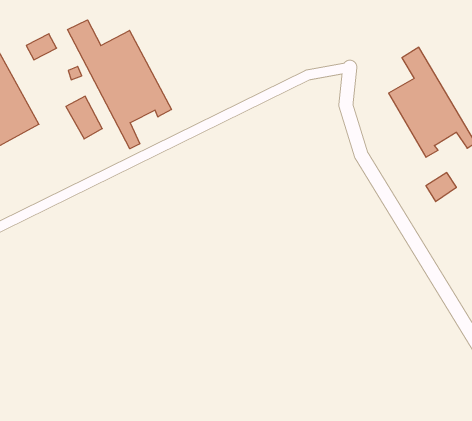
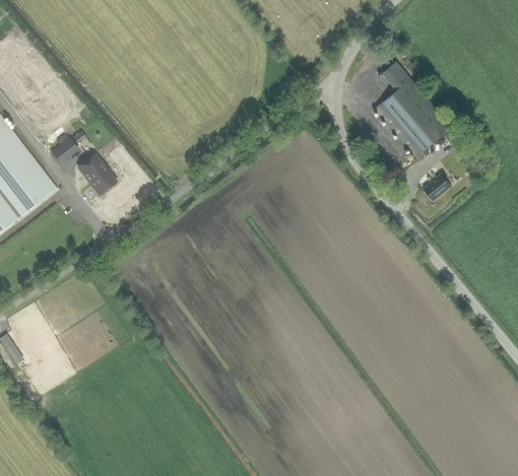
building: [68,20,171,149] -> none
building: [26,34,57,60] -> [50,136,78,162]

